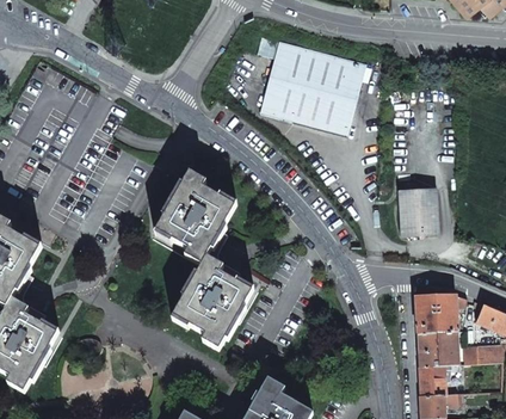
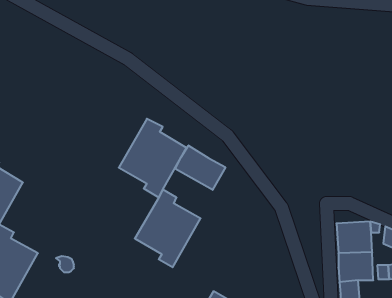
building: [260,41,366,136] -> none
building: [400,189,439,235] -> none
building: none -> [175,145,225,190]

